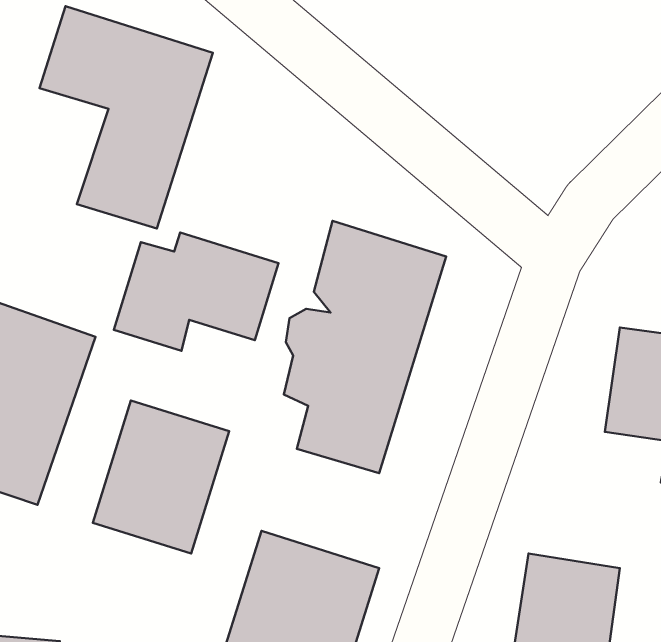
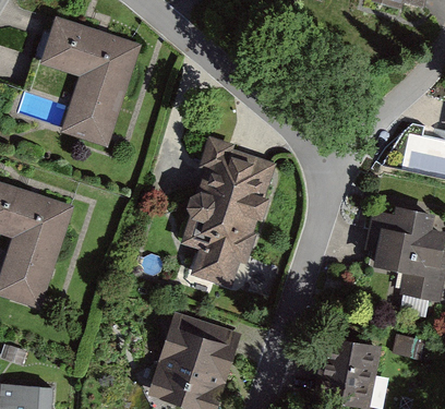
building: [114,232,279,351] -> none
building: [93,400,229,554] -> none

